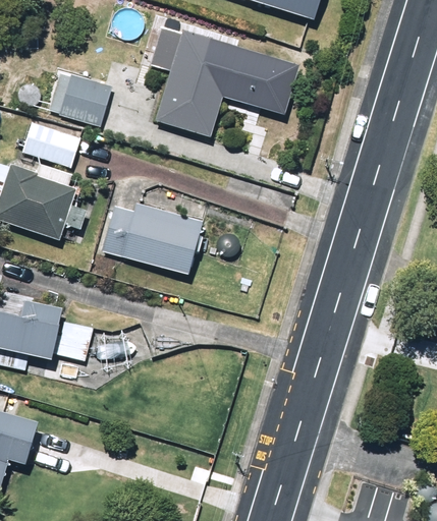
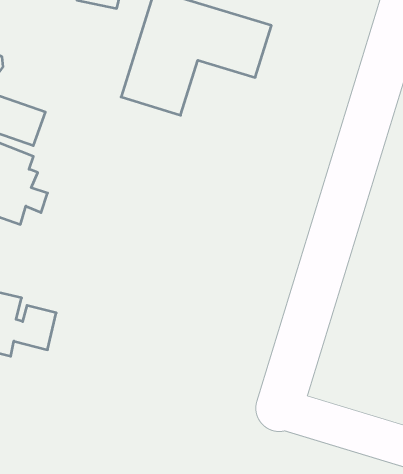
building: [49,71,112,124] -> none
building: [100,202,203,277] -> none

